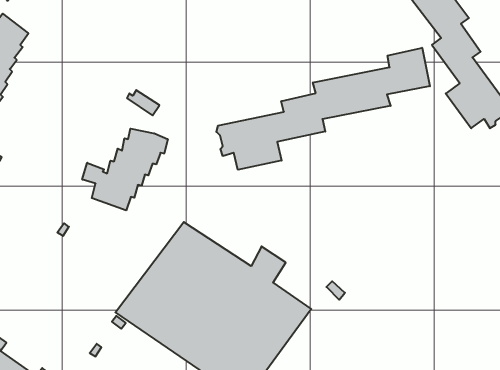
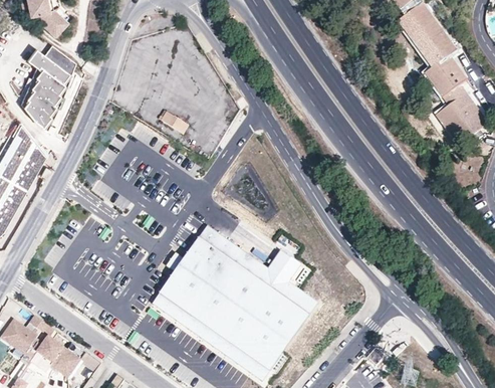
building: [216,48,430,170] -> none
building: [82,129,168,210] -> none

